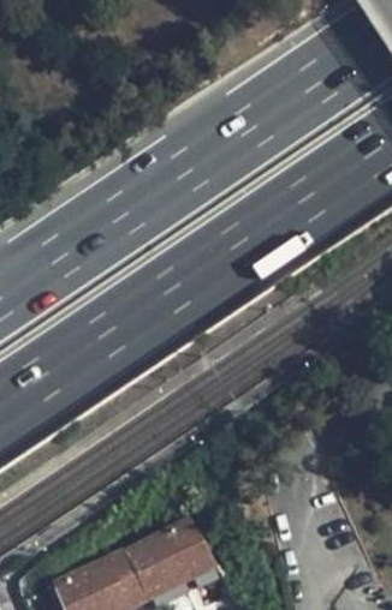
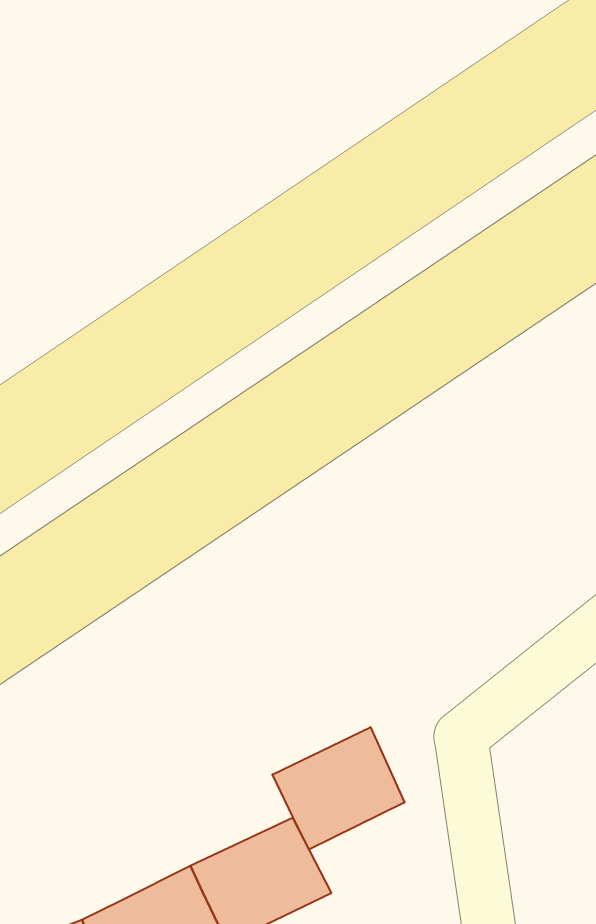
building: none -> [272,727,405,849]

